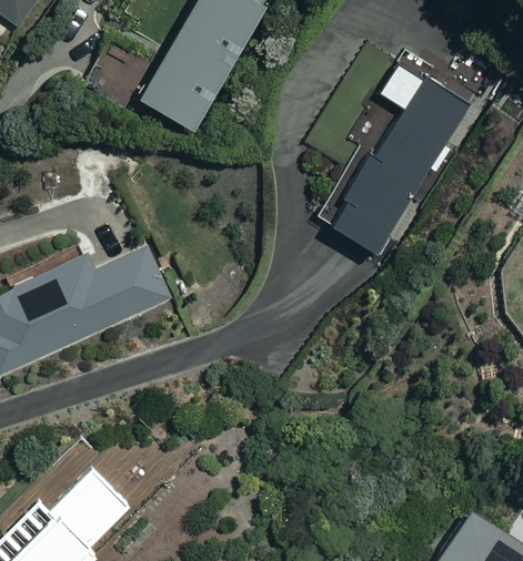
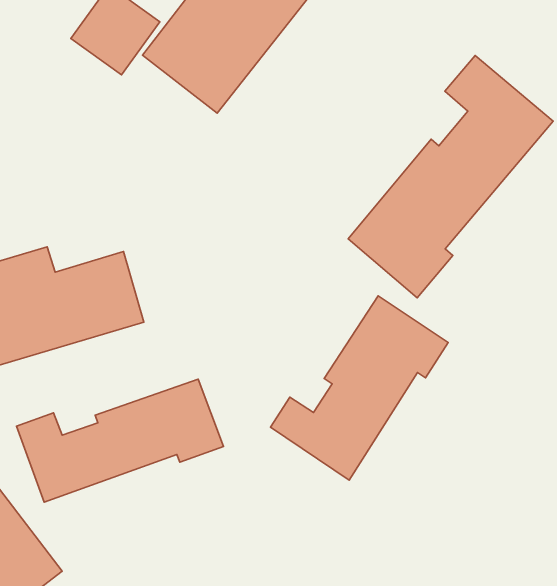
building: none -> [271,296,448,480]
building: none -> [16,379,223,502]

